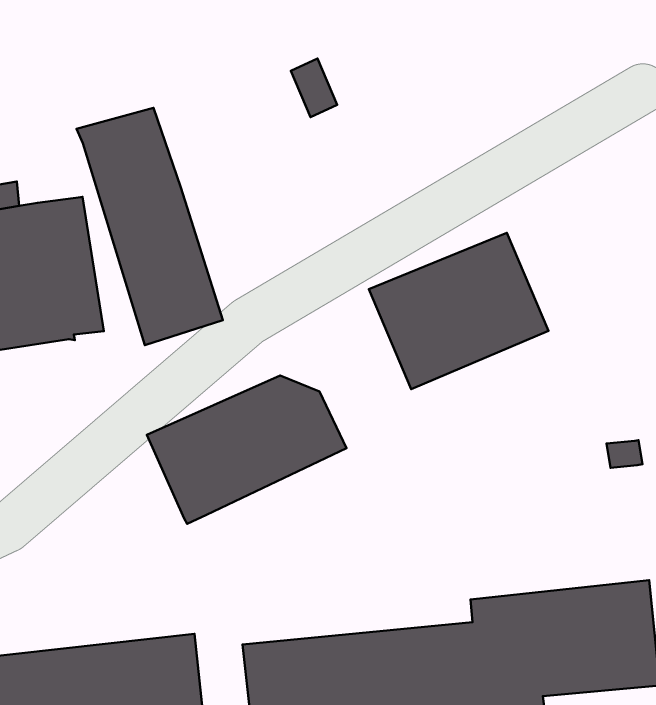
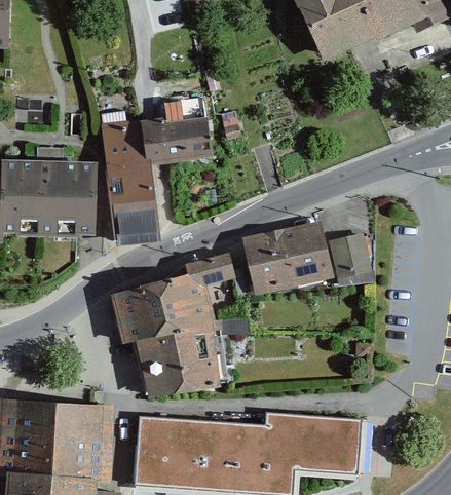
building: none -> [143,97,213,165]
building: none -> [329,233,374,285]
building: none -> [186,254,234,288]
building: none -> [134,318,252,394]

